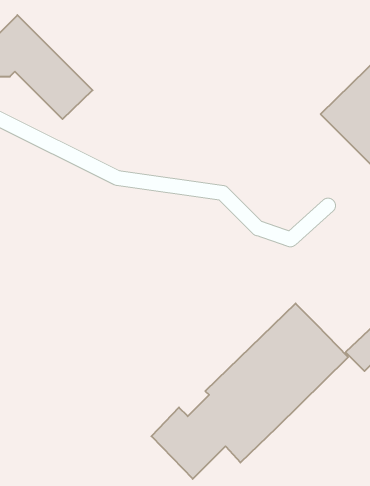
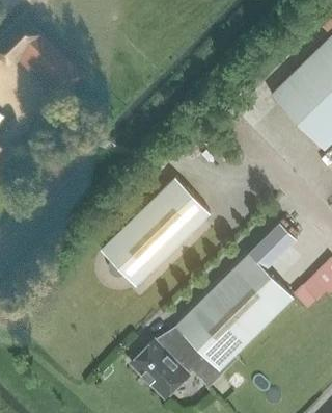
building: none -> [101,178,211,287]
building: none -> [250,224,298,272]

